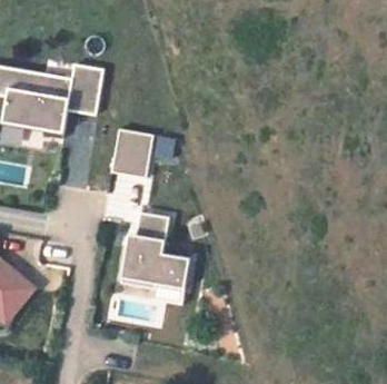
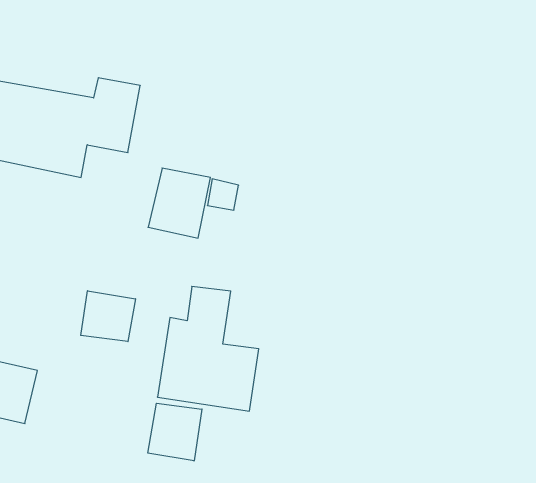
building: none -> [81,291,135,342]
building: none -> [148,403,202,461]

